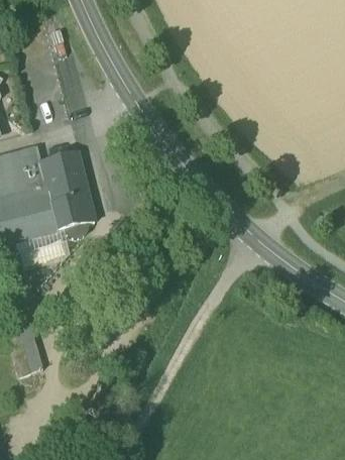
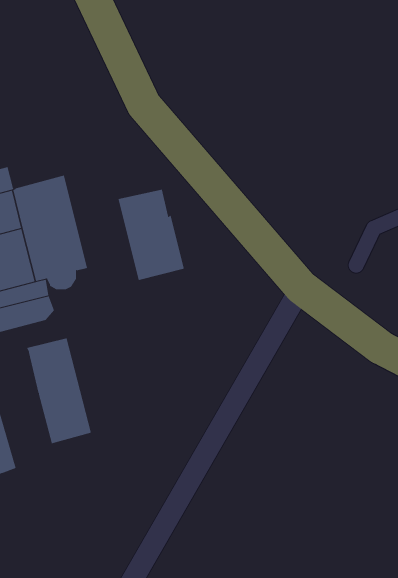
building: none -> [118,189,184,281]
building: none -> [26,338,92,444]

